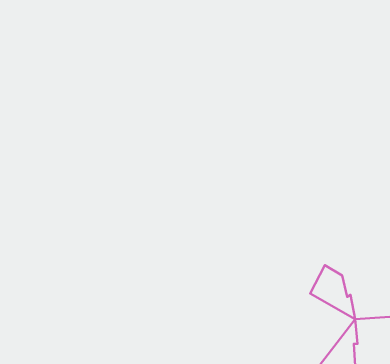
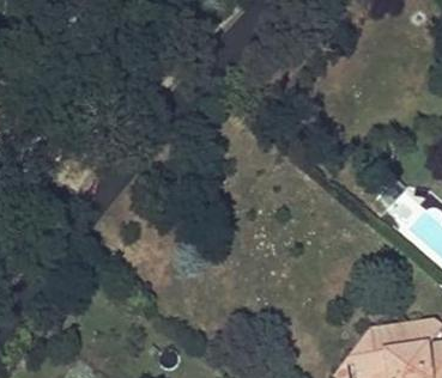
building: [310,265,355,319] -> none

